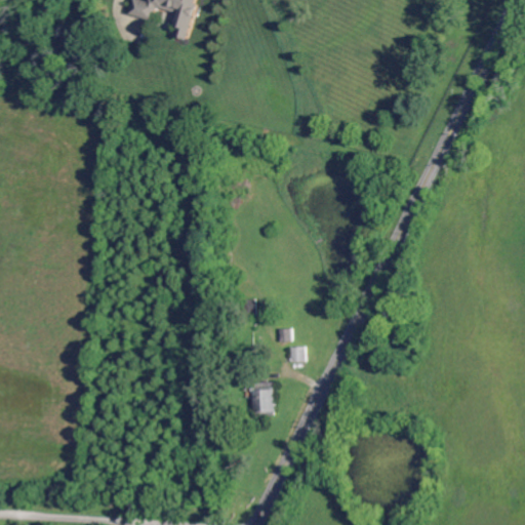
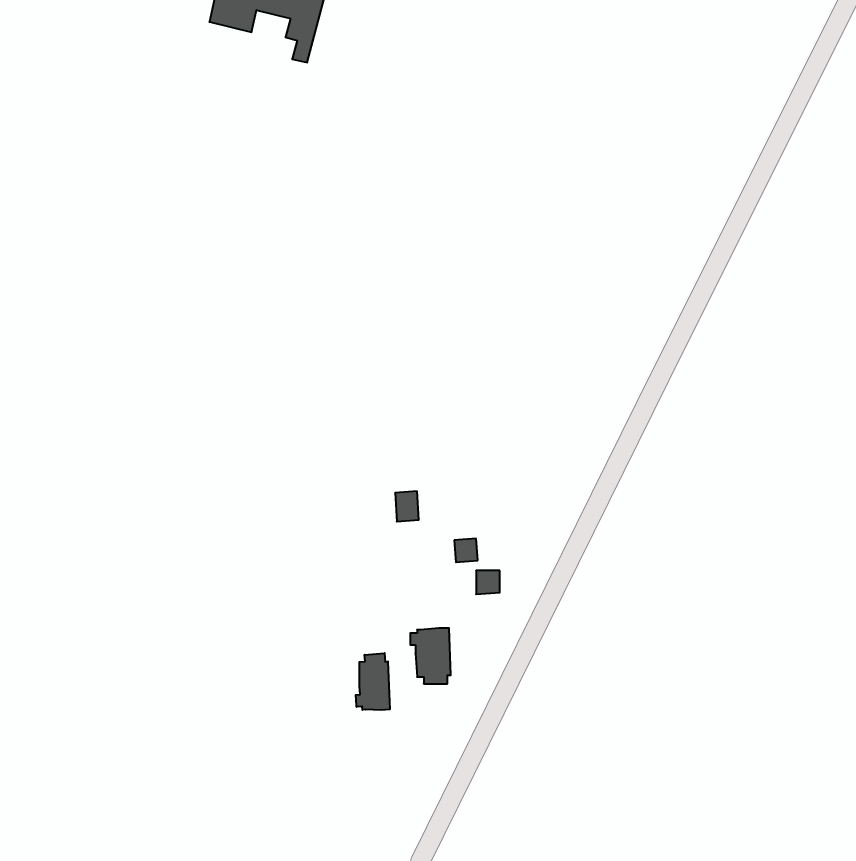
building: none -> [356,653,390,710]

